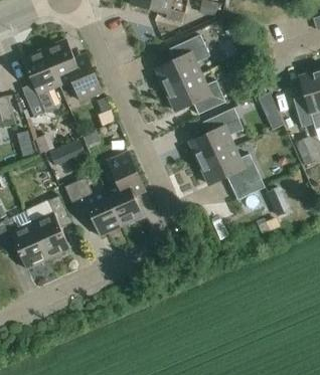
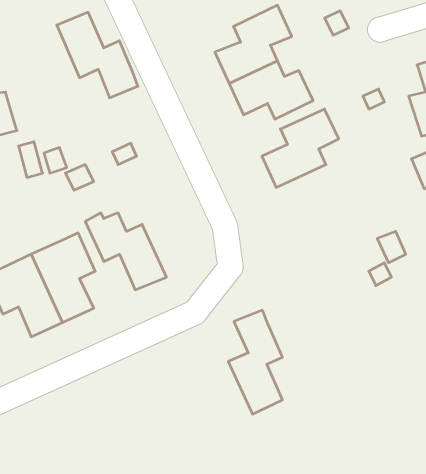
building: [22,48,60,117] -> none
building: [199,147,265,199] -> none
building: [105,153,143,226] -> [228,310,282,414]

